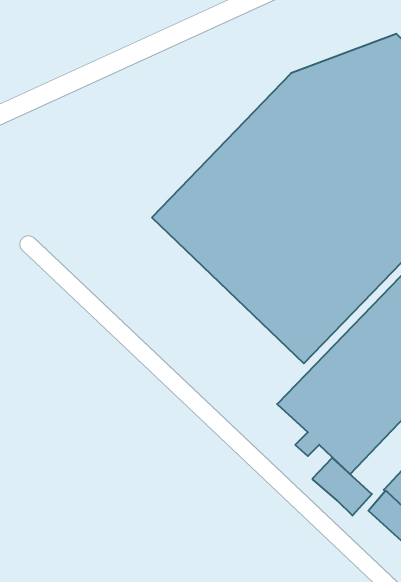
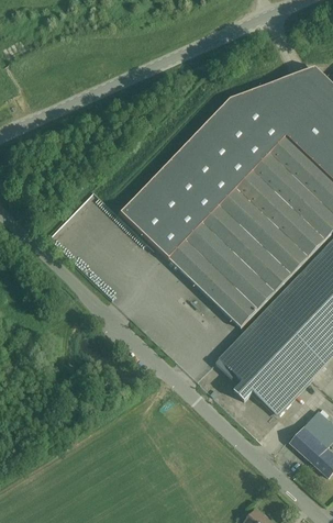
building: [313,458,372,516] -> none

